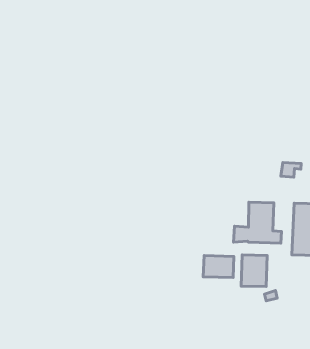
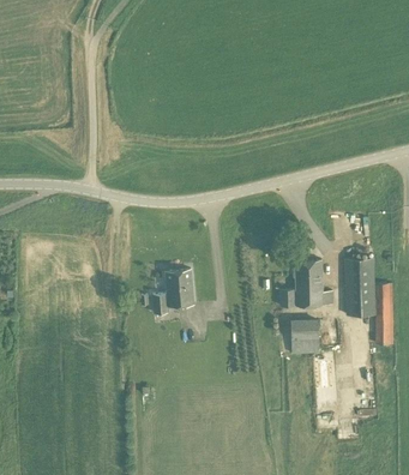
building: none -> [154,270,194,313]
building: [203,255,234,278] -> none

